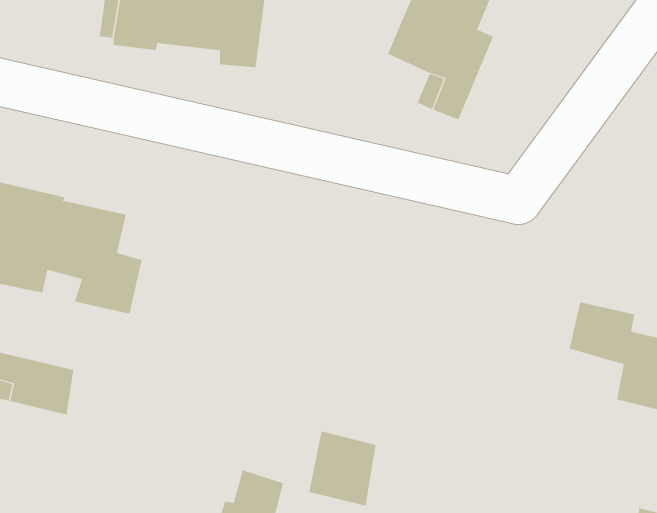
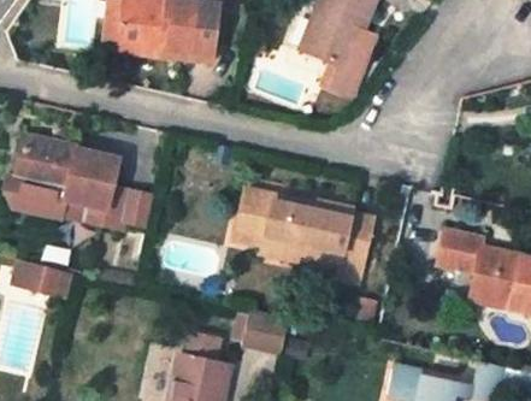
building: none -> [235,194,374,285]

